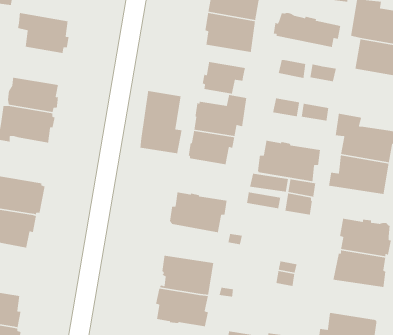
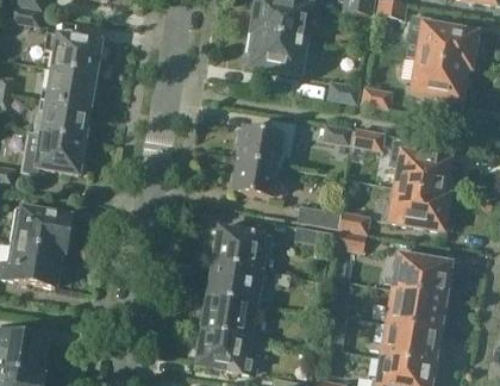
building: [273,12,341,48] -> none
building: none -> [39,69,98,110]
building: [202,61,246,95] -> none
building: [139,90,183,154] -> none
building: [257,140,321,182] -> none
building: none -> [204,262,263,304]
building: none -> [382,323,443,366]

